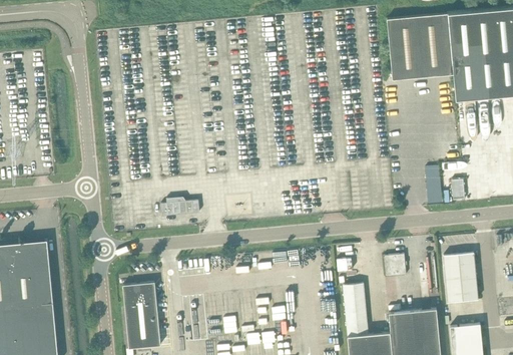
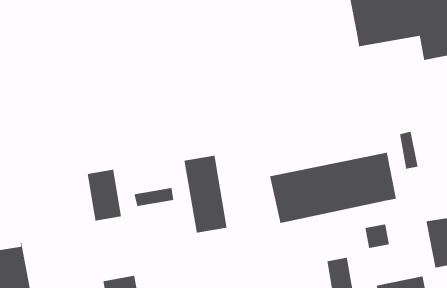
building: none -> [184,155,227,234]
building: none -> [87,169,122,221]
building: none -> [269,152,397,224]

